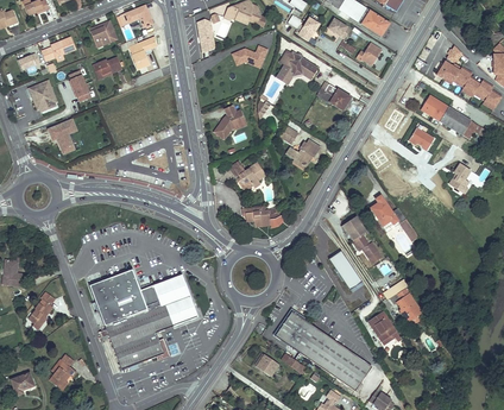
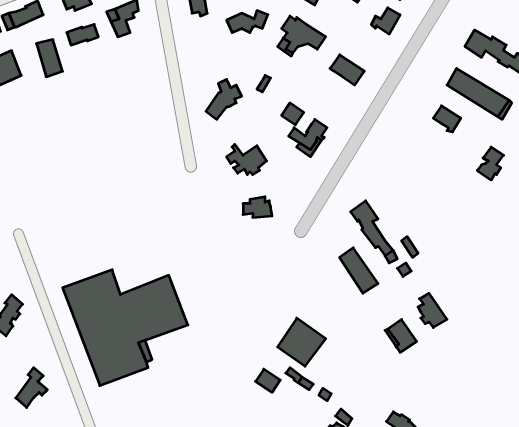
building: [46,119,77,154] -> none
building: [370,195,418,240] -> none
building: [300,328,372,390] -> none

